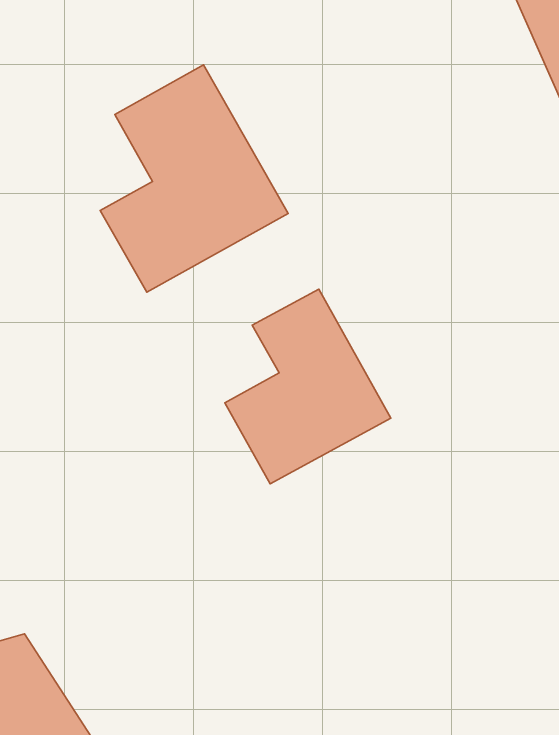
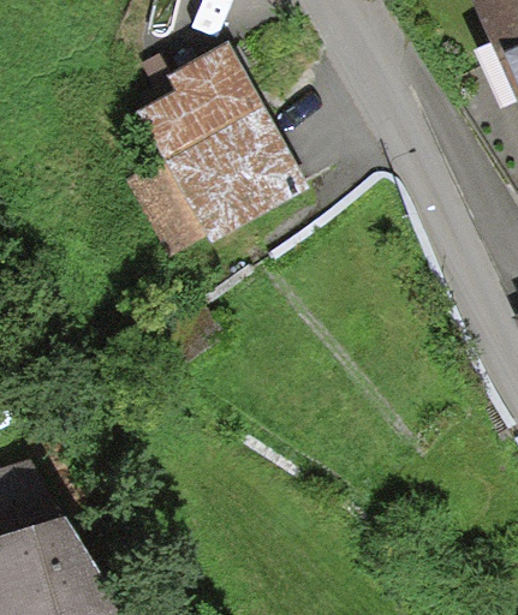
building: [225,289,391,484] -> none

